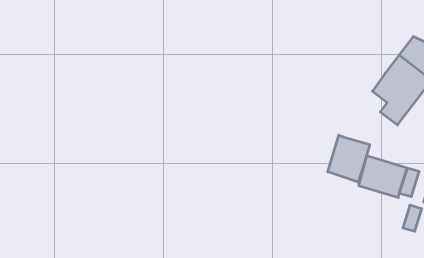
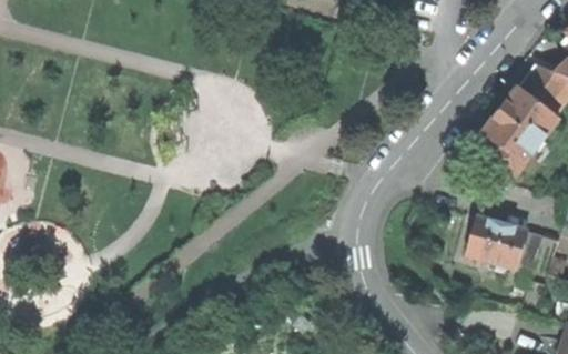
building: [328,135,370,182] -> none

